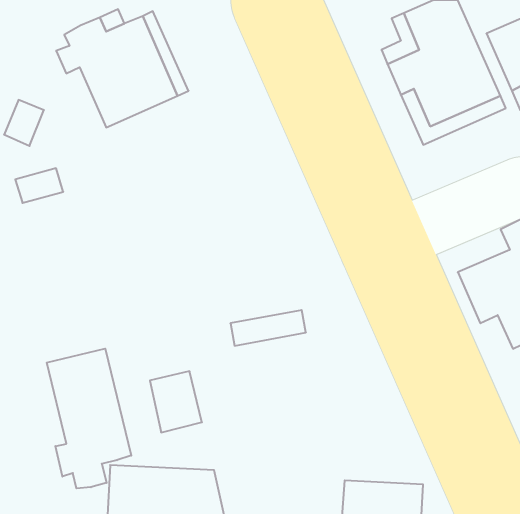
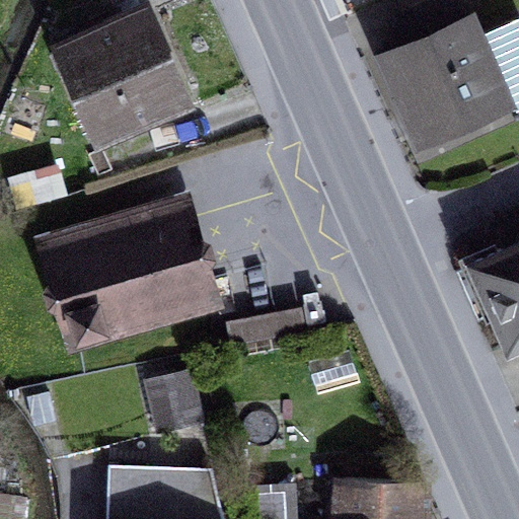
building: none -> [55,215,207,341]
building: [47,349,131,488] -> none

